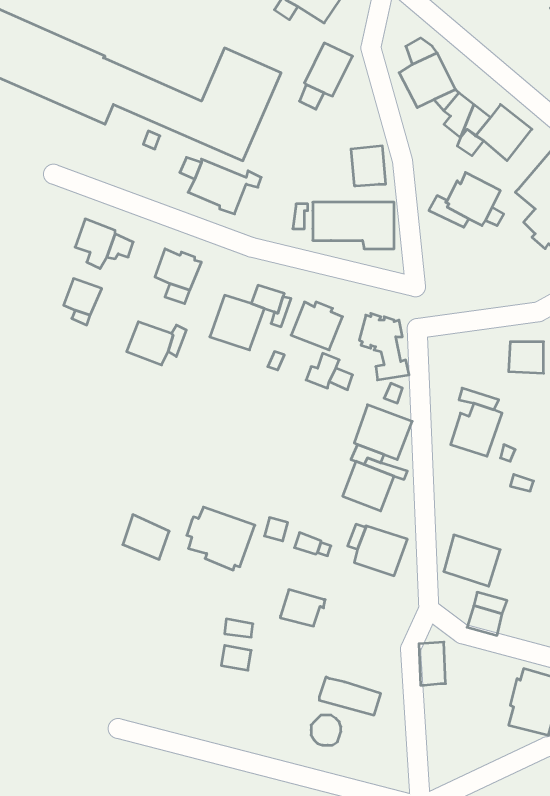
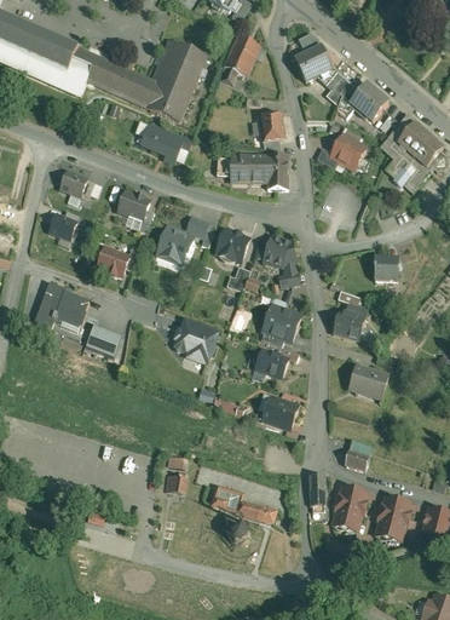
building: none -> [34,279,88,327]
building: [187,507,255,570] -> [172,315,221,361]
building: [123,515,169,559] -> [86,320,120,352]
building: [444,535,500,586] -> [348,362,390,400]
building: [280,590,325,626] -> [212,488,244,515]
building: none -> [331,484,370,532]

